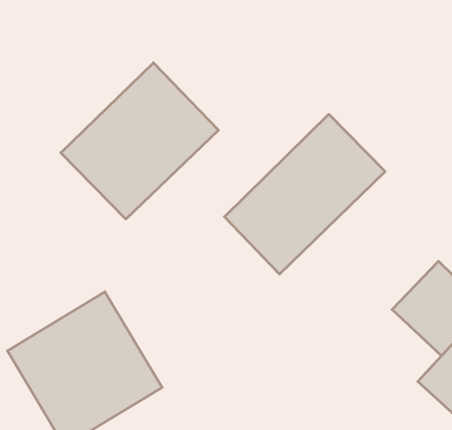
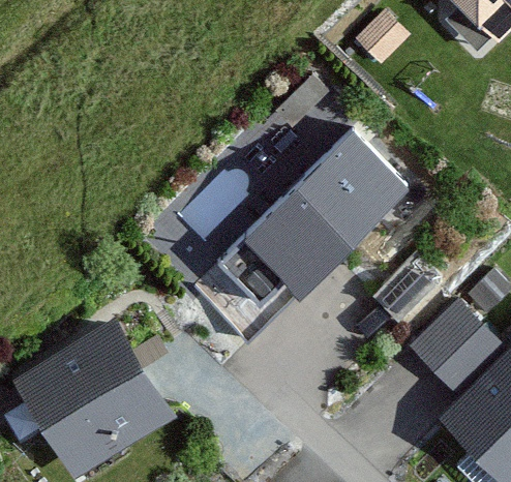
building: [61,63,218,219] -> none

